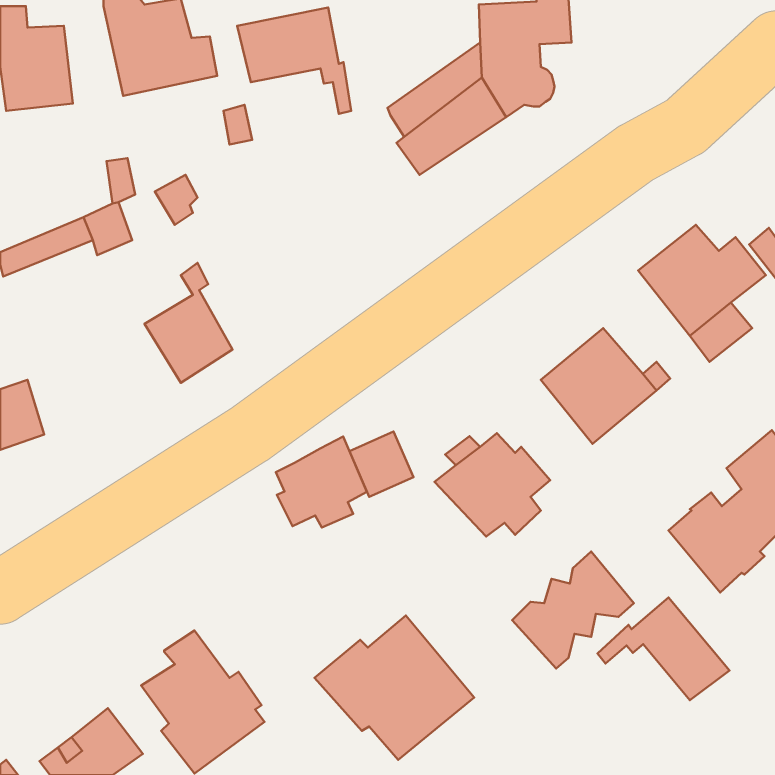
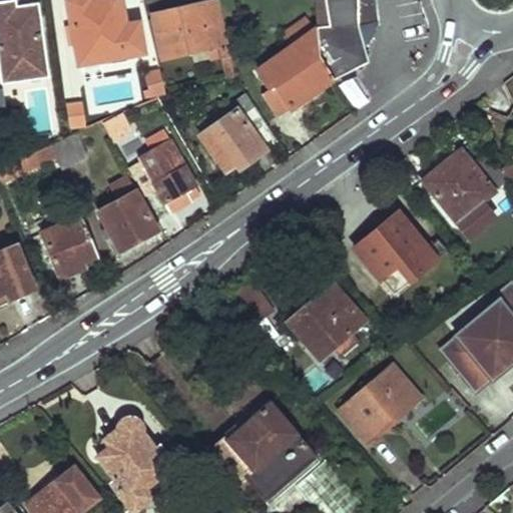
building: none -> [200,93,277,170]
building: none -> [137,139,195,211]
building: none -> [42,217,100,280]
building: [276,437,367,527] -> none
building: [598,597,729,700] -> none

